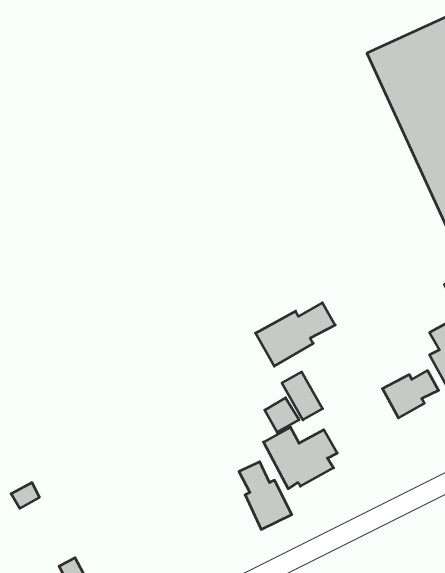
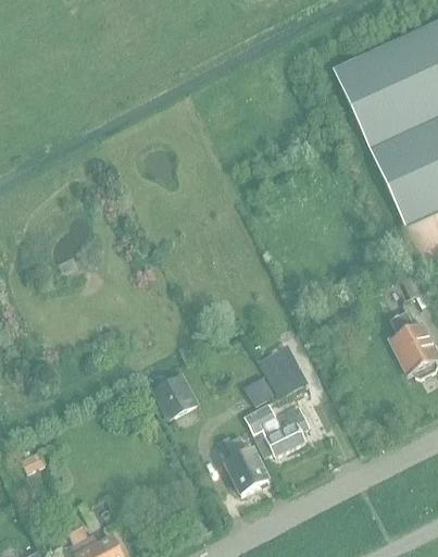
building: [255,303,335,366] -> none
building: [382,371,439,418] -> none
building: none -> [153,374,195,416]

